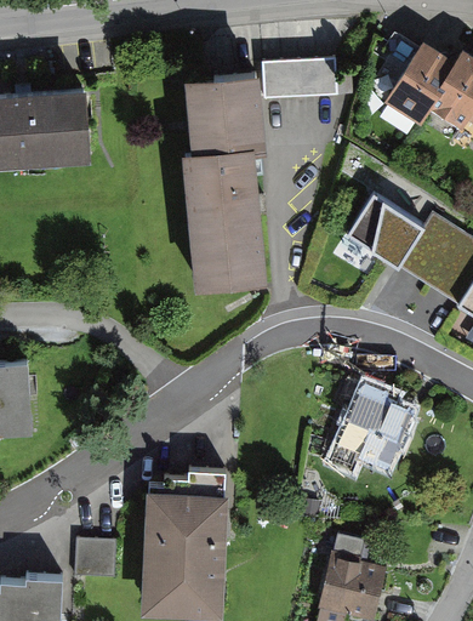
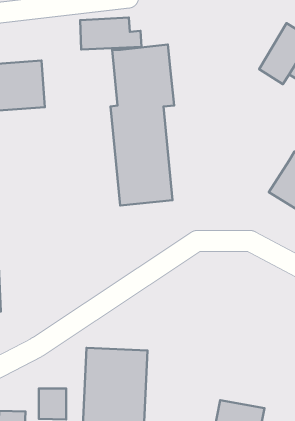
building: [269,59,353,103] -> [80,18,141,49]
building: [346,195,424,270] -> none
building: [329,380,415,469] -> none

